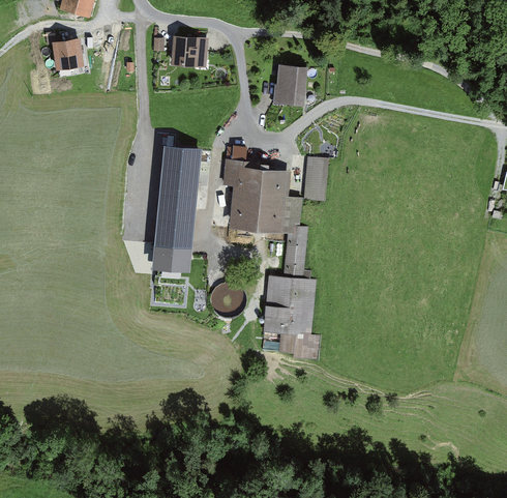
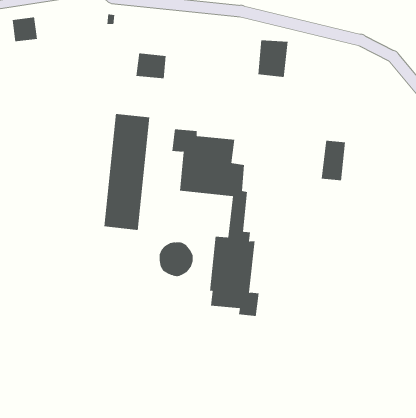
building: [173,37,206,65] -> [135,53,166,79]
building: [274,65,307,106] -> [258,40,288,77]
building: [302,157,329,201] -> [321,140,346,181]

